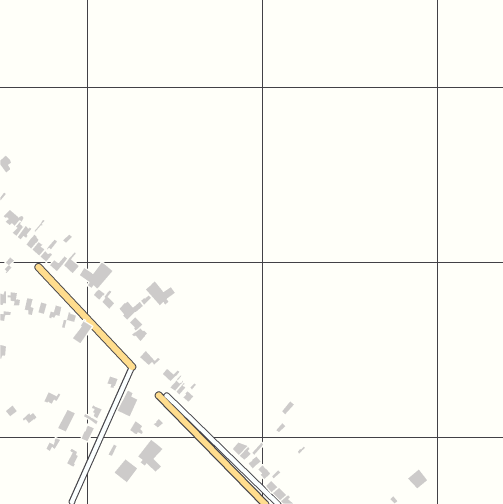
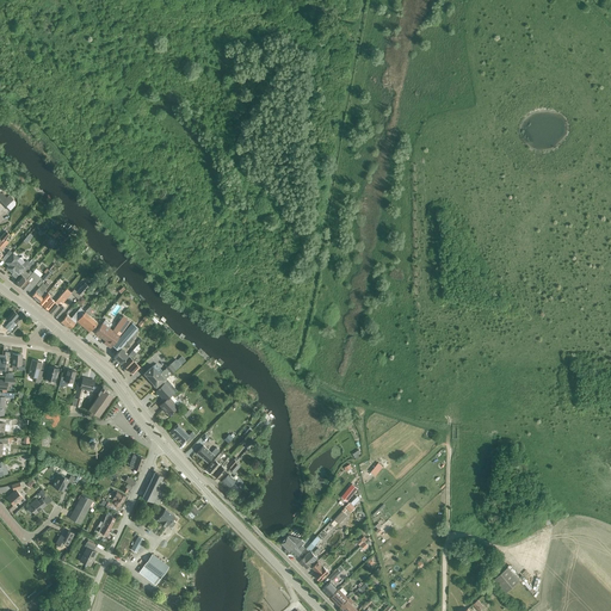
building: [145,281,176,306] -> none
building: [137,439,163,472] -> none

